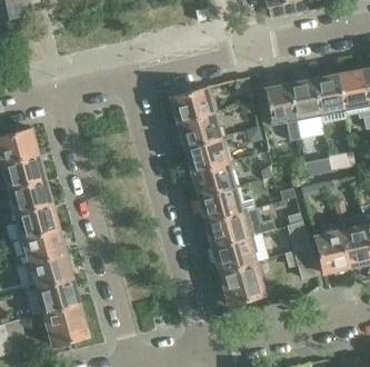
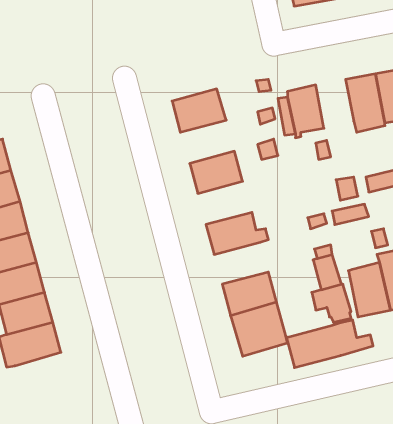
building: [288,79,319,119] -> none
building: [177,112,221,148] -> none
building: [191,162,236,198] -> none
building: [204,208,276,247] -> [286,320,373,368]
building: [41,302,89,347] -> none

